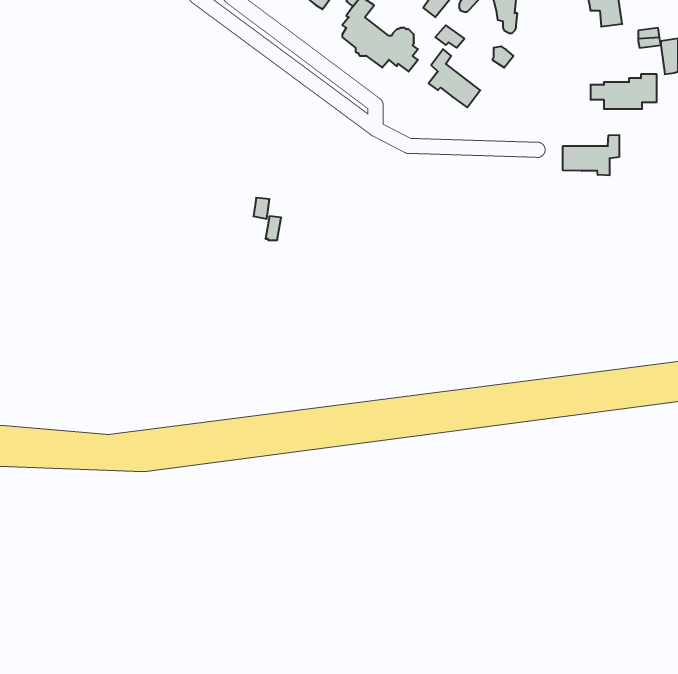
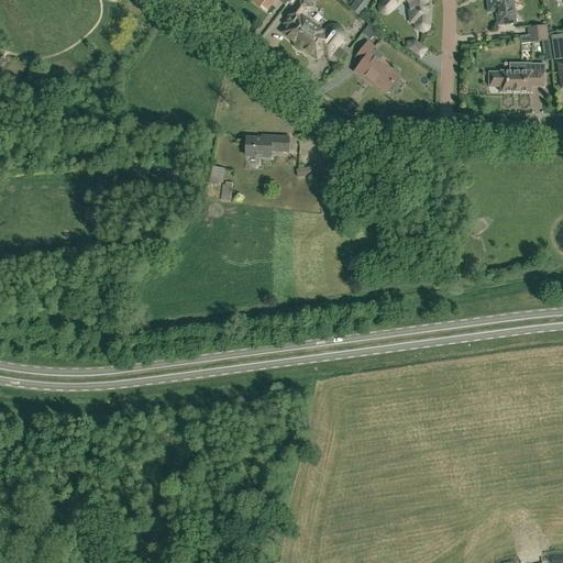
building: [563,135,619,175] -> none
building: none -> [245,134,288,154]

